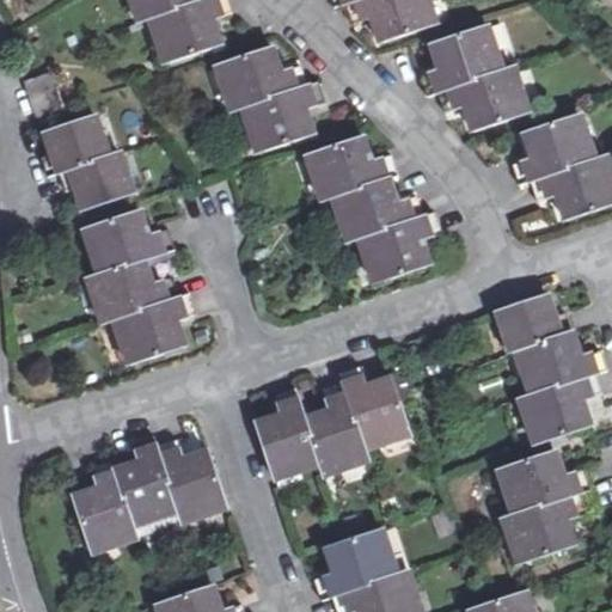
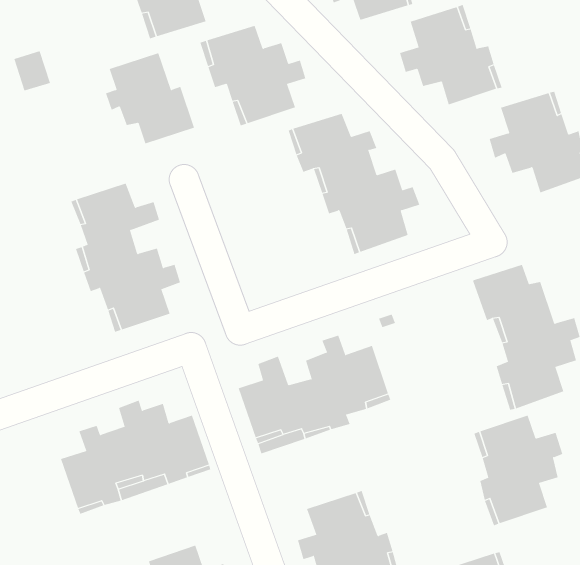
building: [41,115,133,209] -> [105,52,195,144]

